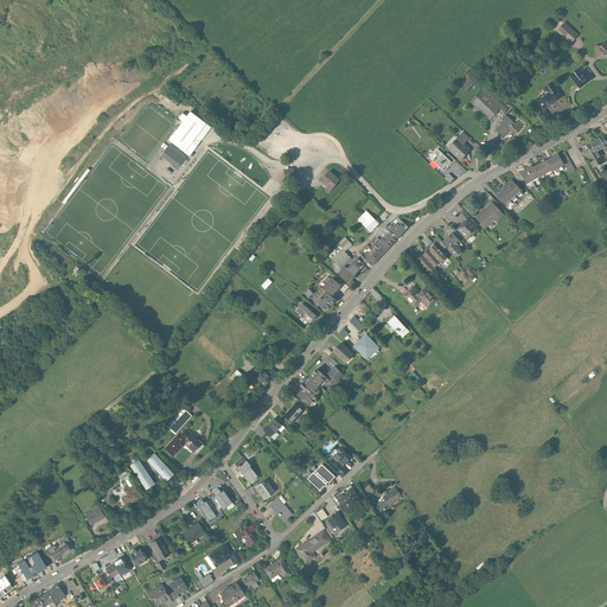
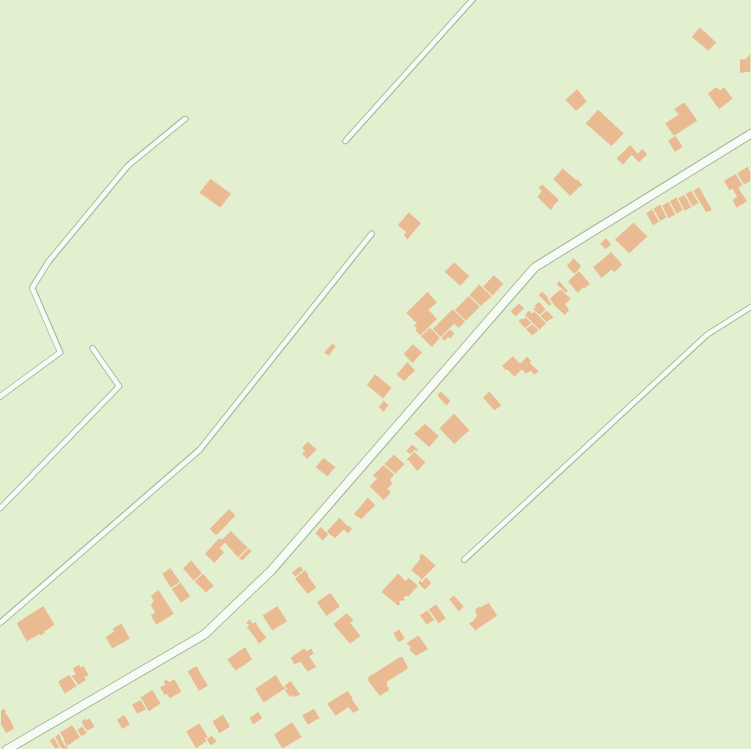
building: [171,113,207,153] -> none
building: [14,551,46,581] -> [16,605,56,642]

